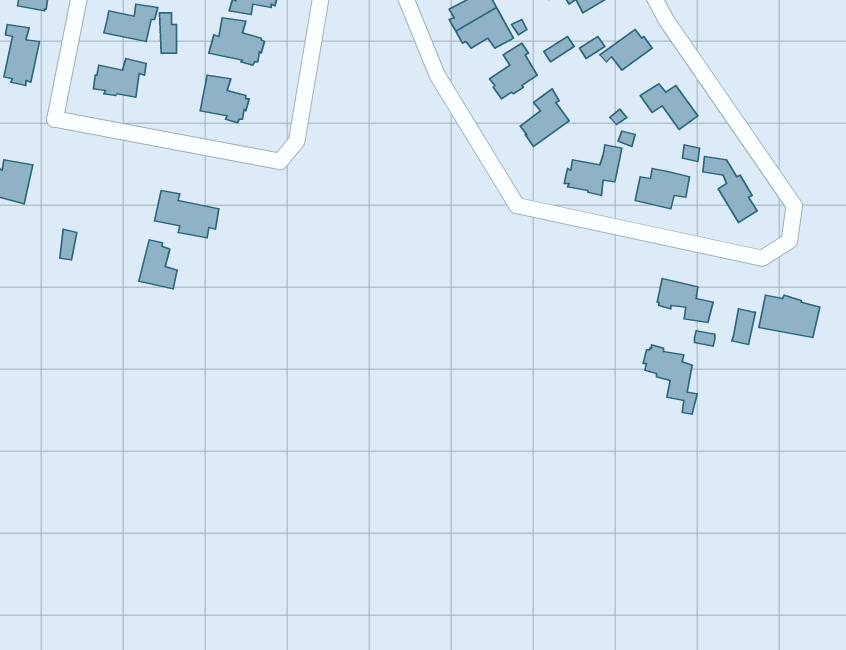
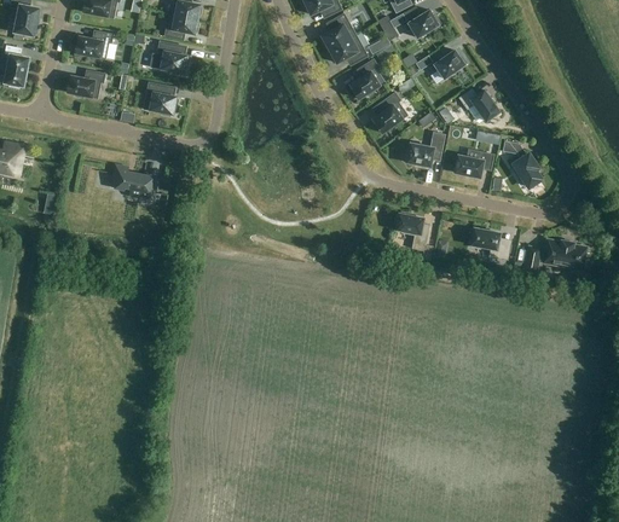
building: [139,240,177,289] -> none
building: [643,345,697,414] -> [394,210,433,260]

